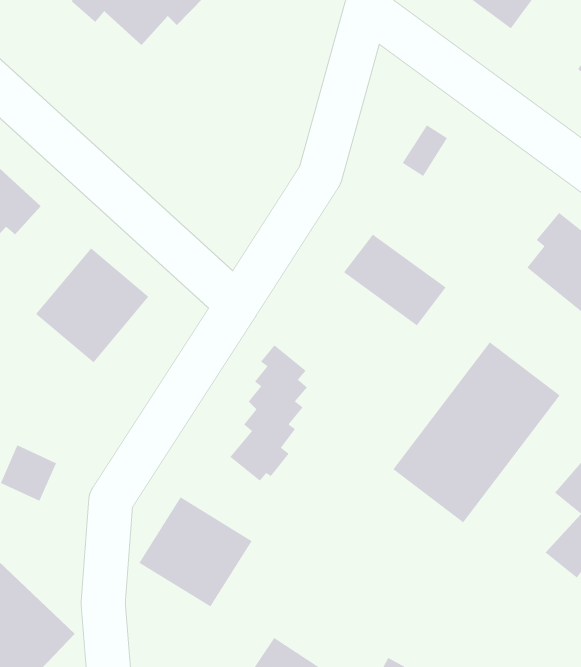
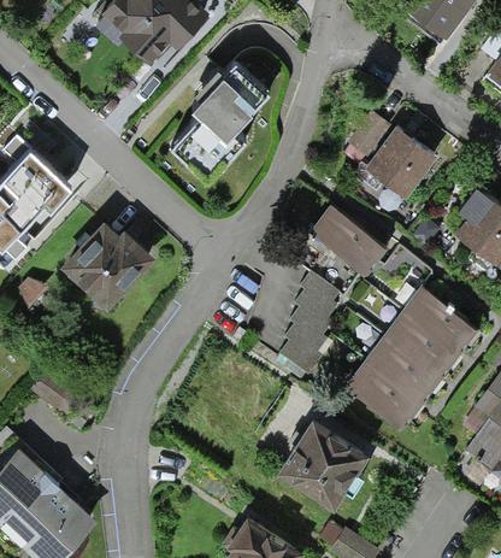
building: none -> [173,64,269,183]
building: none -> [367,141,434,208]
building: [229,345,308,482] -> [275,277,336,384]
building: [139,496,253,607] -> [278,419,367,506]

